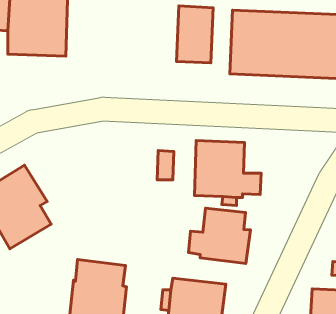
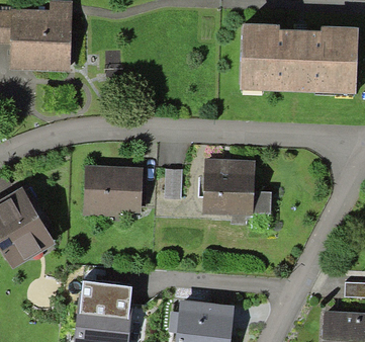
building: [177,6,213,63] -> none
building: none -> [83,165,142,217]
building: [188,208,250,263] -> none

